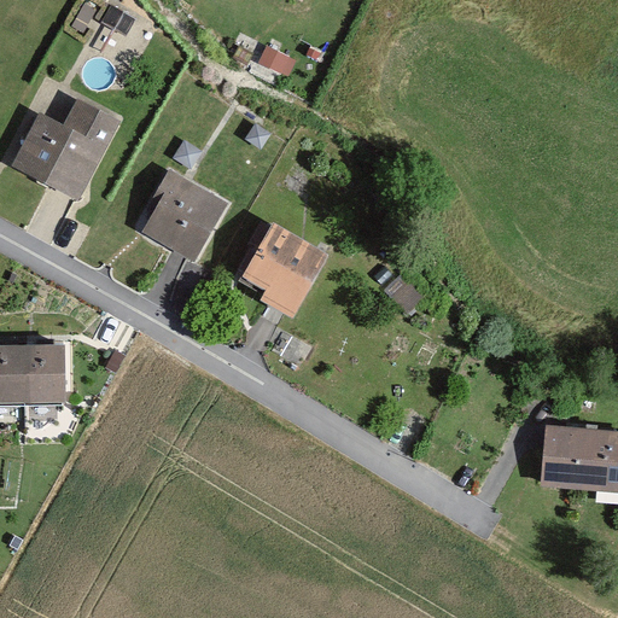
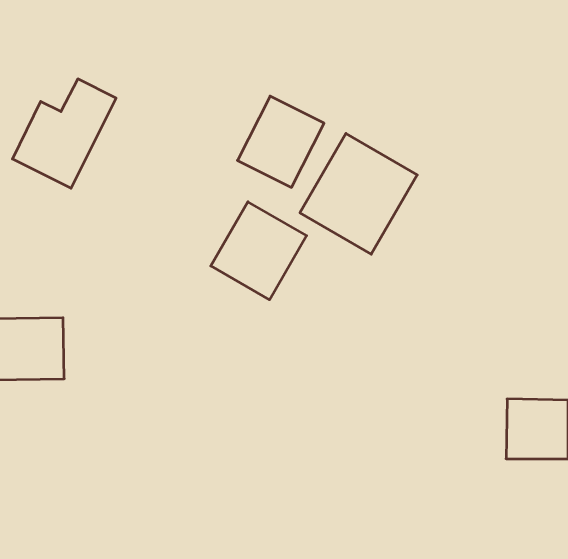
building: none -> [300,133,417,254]
building: [136,164,229,262] -> [237,96,324,187]

